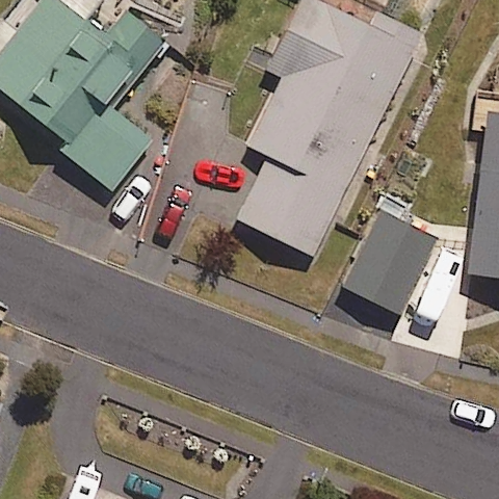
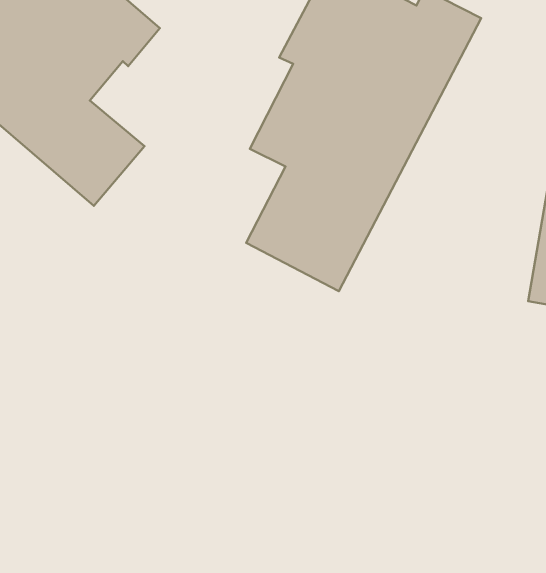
building: [341,195,443,316] -> none

